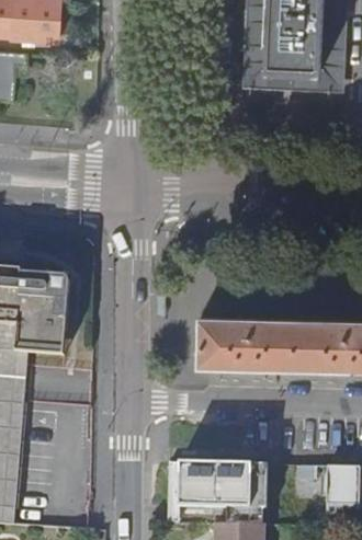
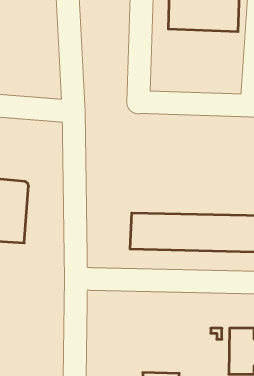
building: [170,459,271,517] -> none

